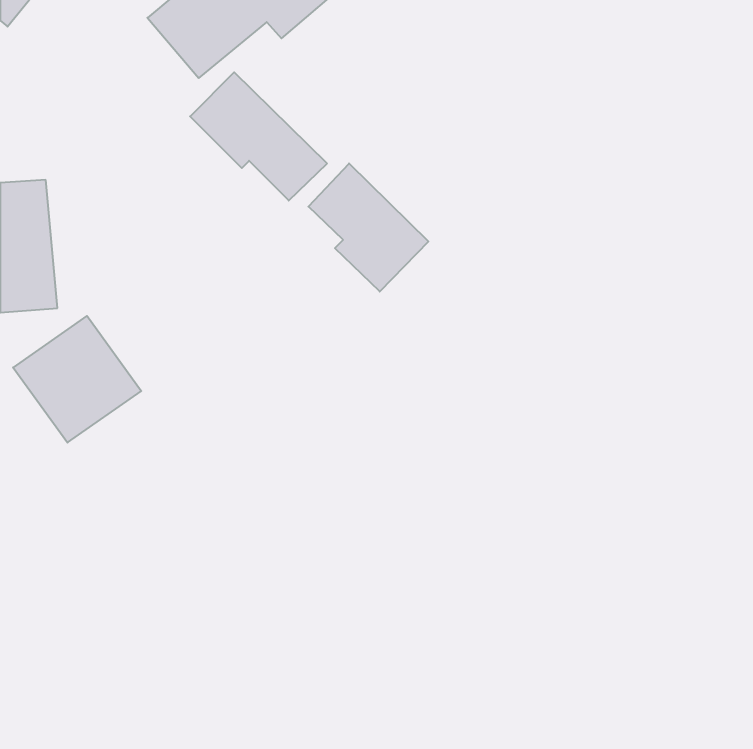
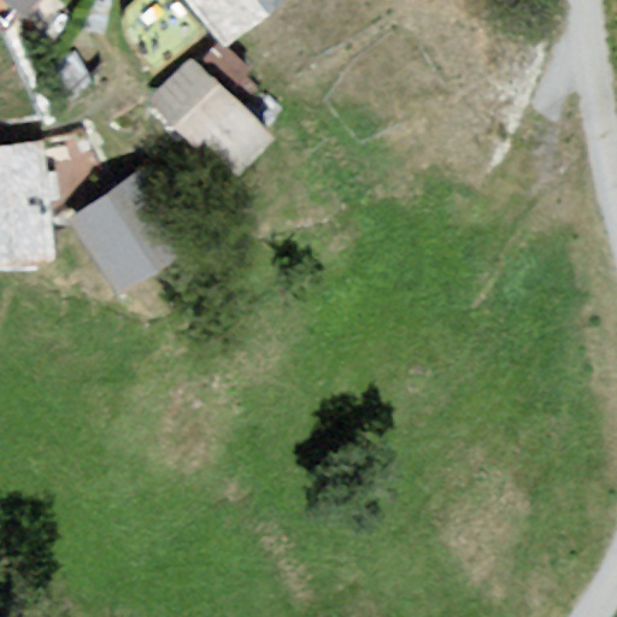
building: [308,163,428,292] -> none
building: [13,316,141,443] -> [82,176,187,280]

